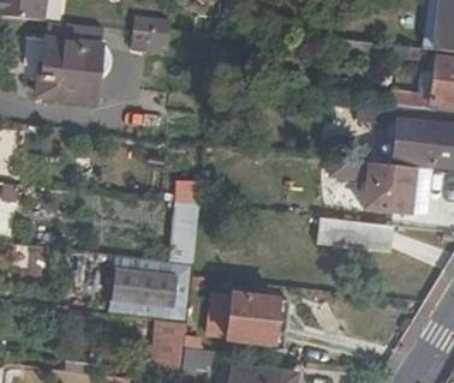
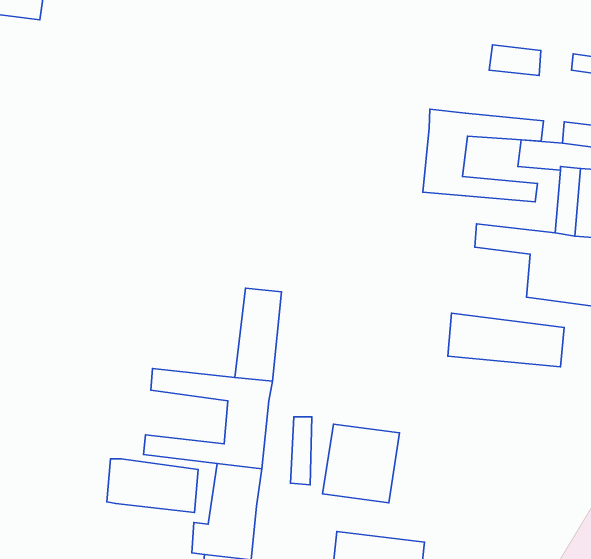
building: [131,12,173,49] -> none
building: [40,38,108,100] -> none
building: none -> [423,109,544,202]
building: [103,269,165,305] -> [107,459,198,512]

